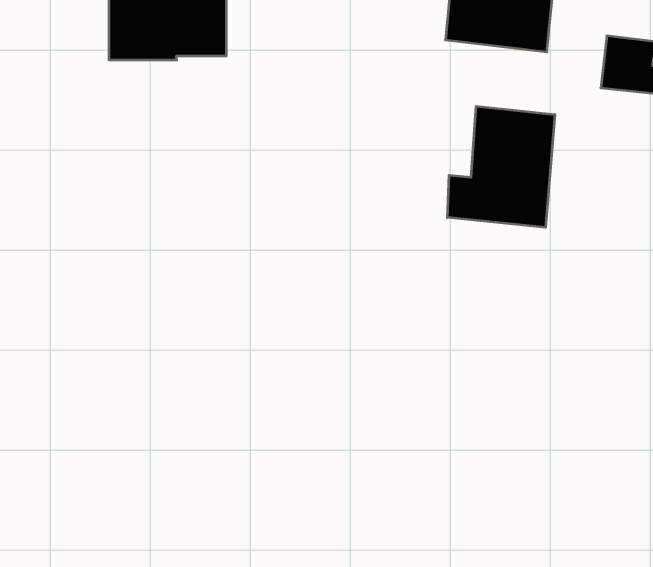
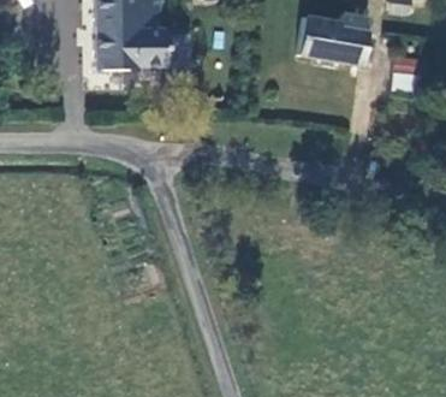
building: [447,106,555,227] -> none

